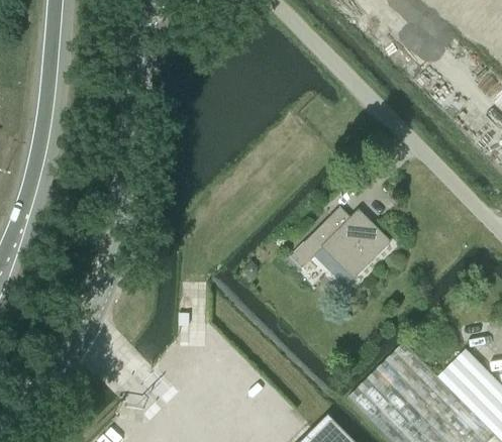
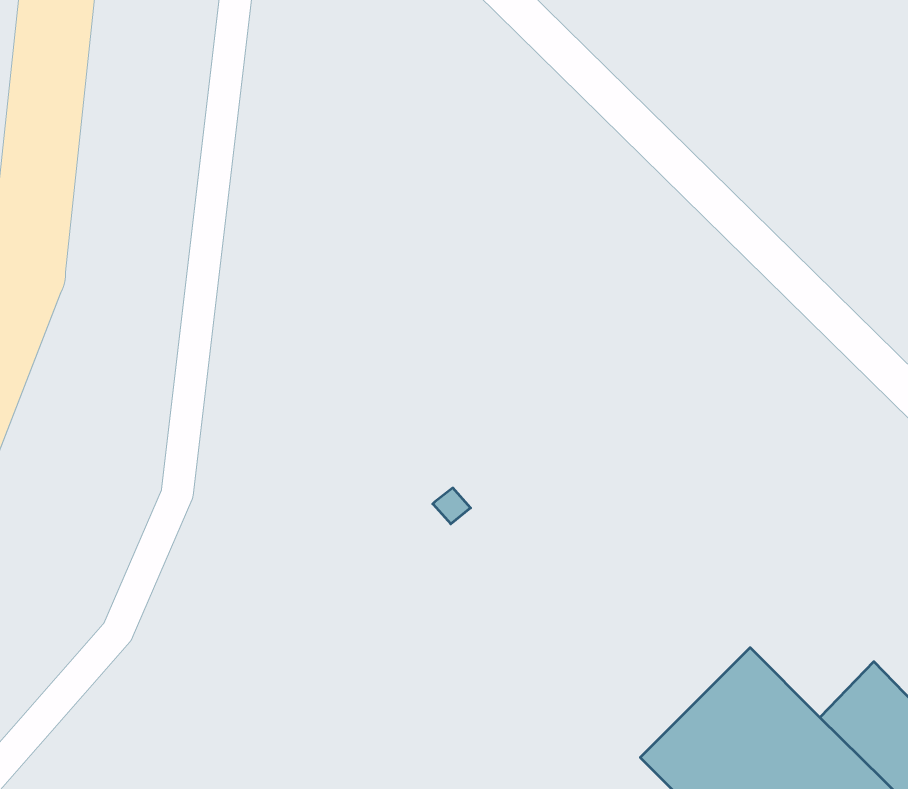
building: [290,212,390,280] -> none

